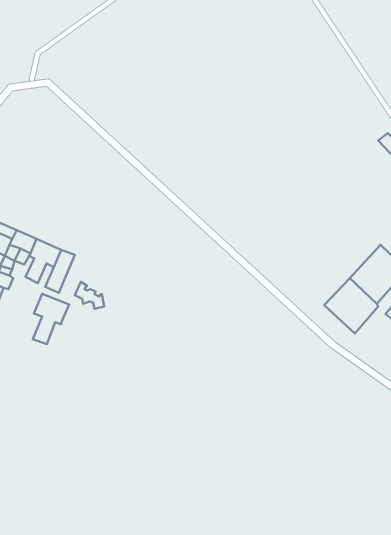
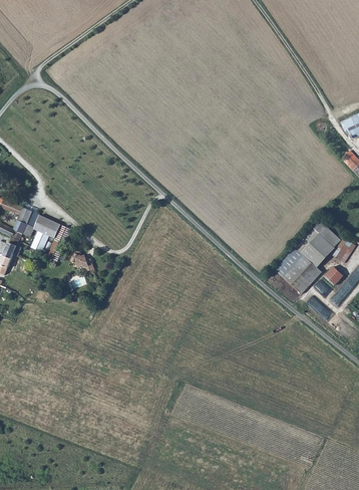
building: [33,294,69,344] -> none

